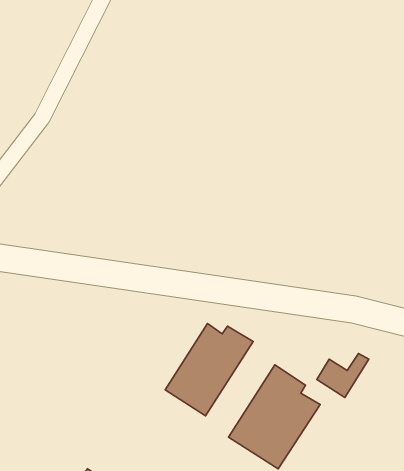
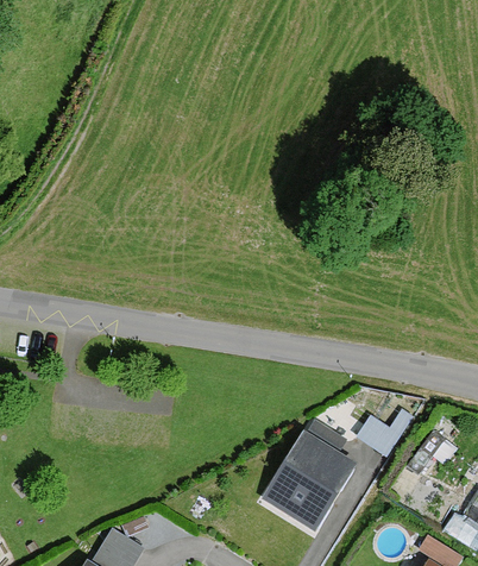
building: [165,323,253,416] -> none

